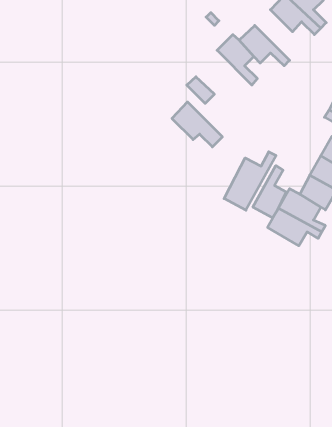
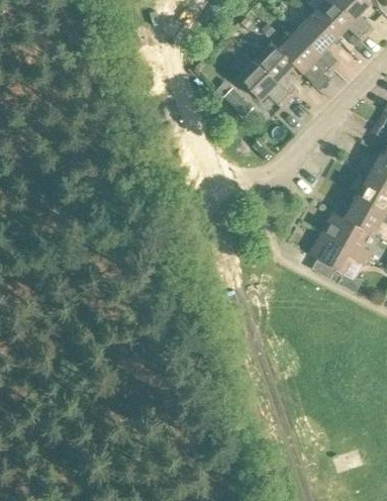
building: none -> [296,14,341,70]
building: [172,102,222,147] -> [237,59,293,108]
building: [224,152,276,210] -> none
building: [253,166,286,218] -> none

